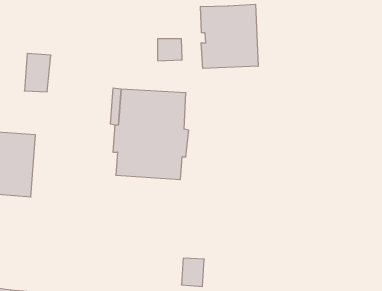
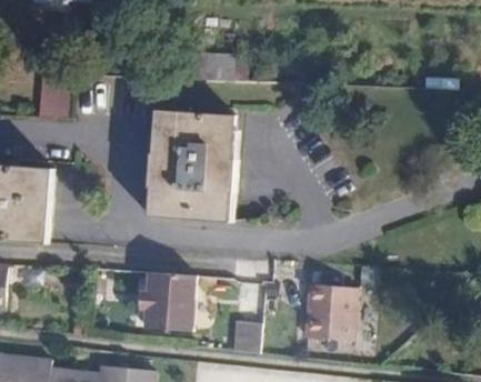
building: [200,4,258,68] -> none
building: none -> [141,273,192,332]
building: none -> [305,285,359,339]

